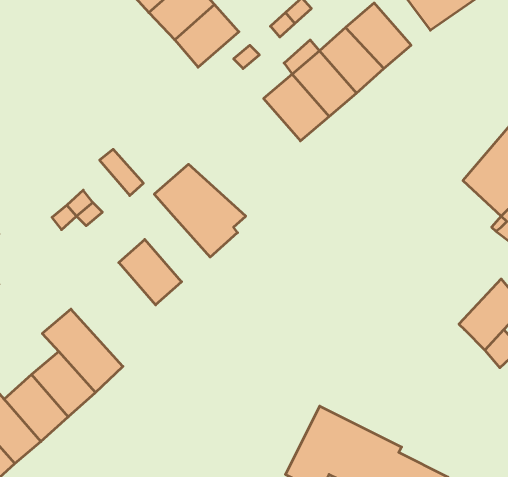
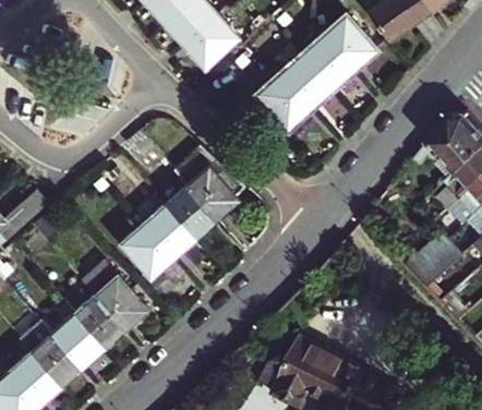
building: none -> [162,190,215,242]
building: none -> [120,227,171,279]

